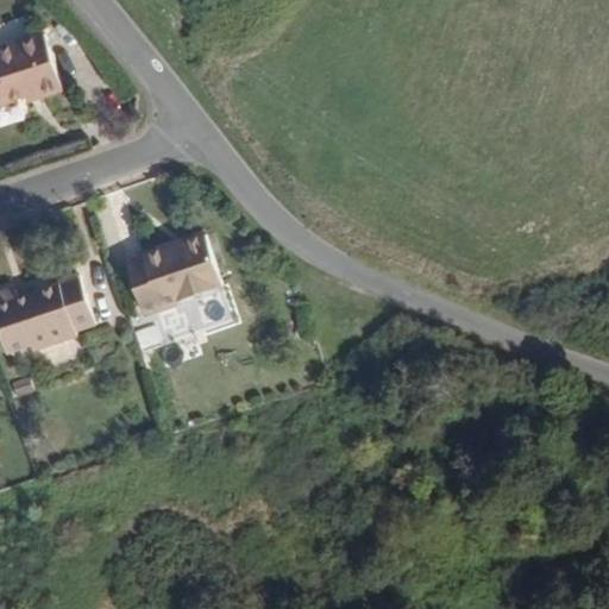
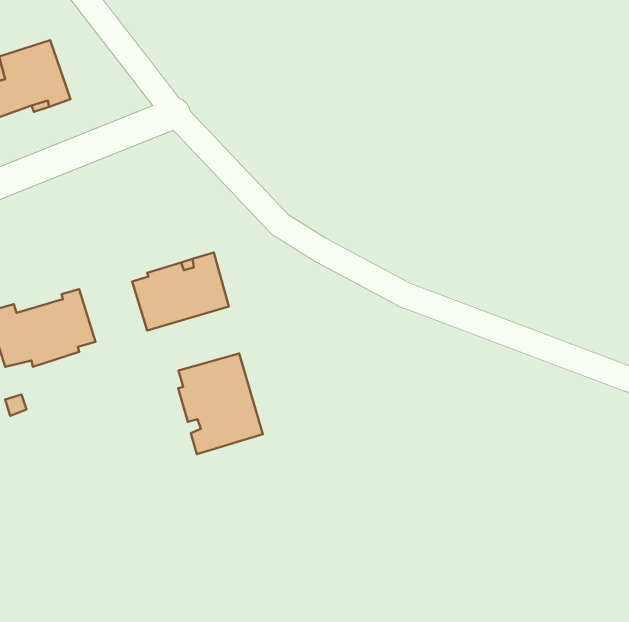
building: none -> [178,354,263,454]

